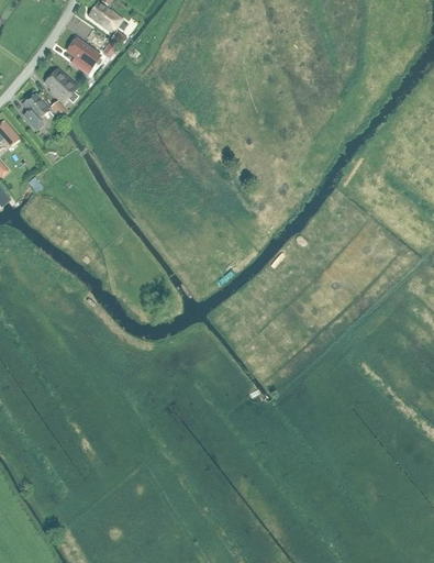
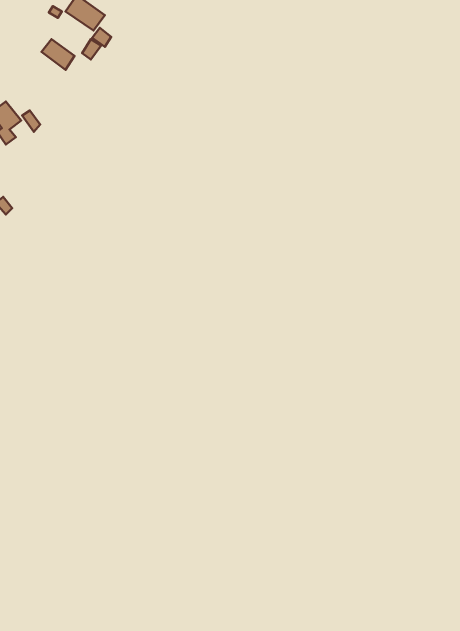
building: [45,68,78,103] -> none

